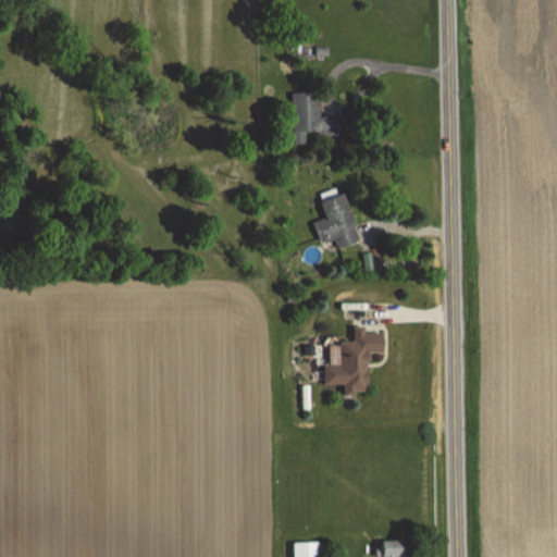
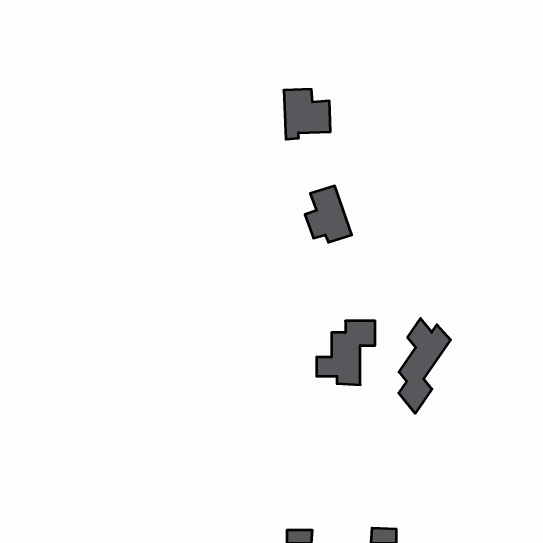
building: none -> [399,318,451,413]

